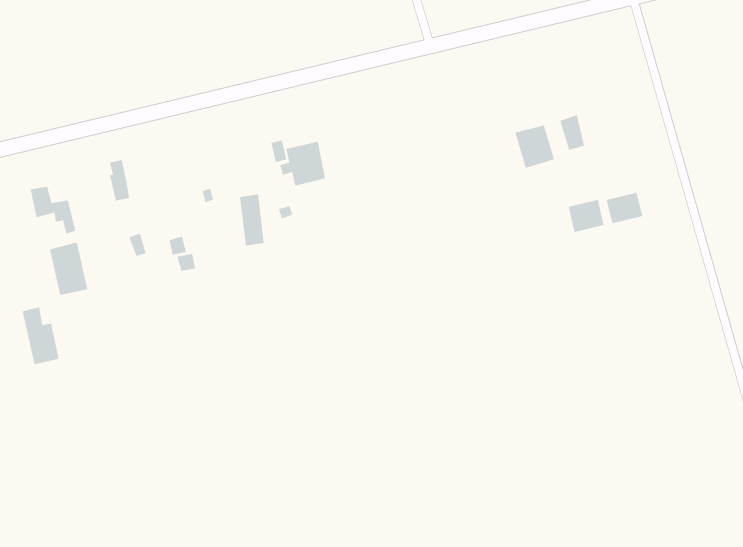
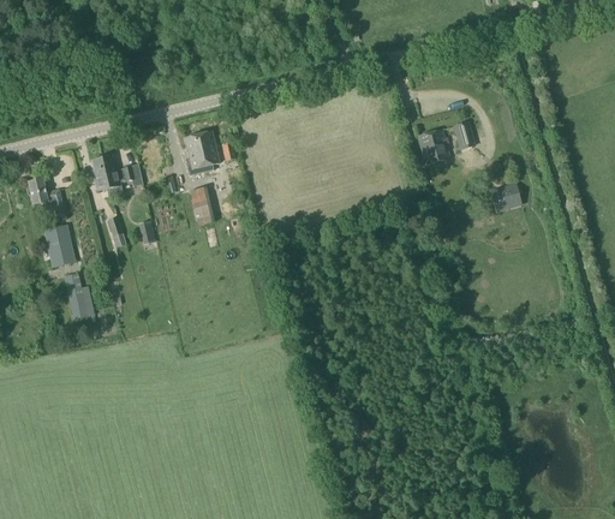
building: [280,141,326,186] -> [180,132,217,168]
building: none -> [102,155,142,193]
building: [568,199,604,233] -> none
building: [22,307,59,365] -> [64,273,94,320]

